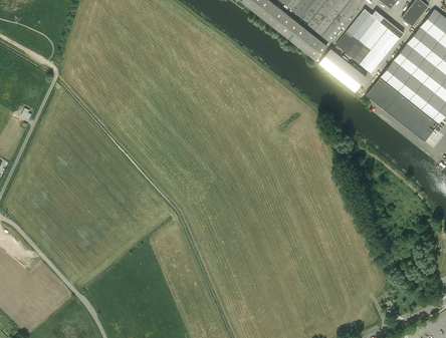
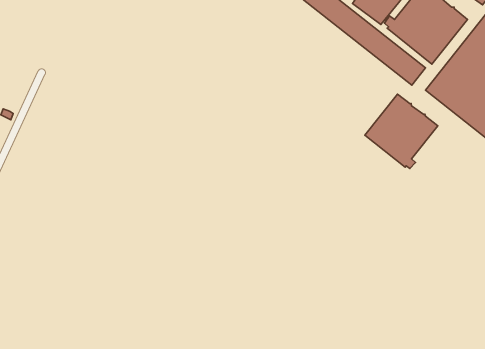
building: none -> [365,94,438,168]

